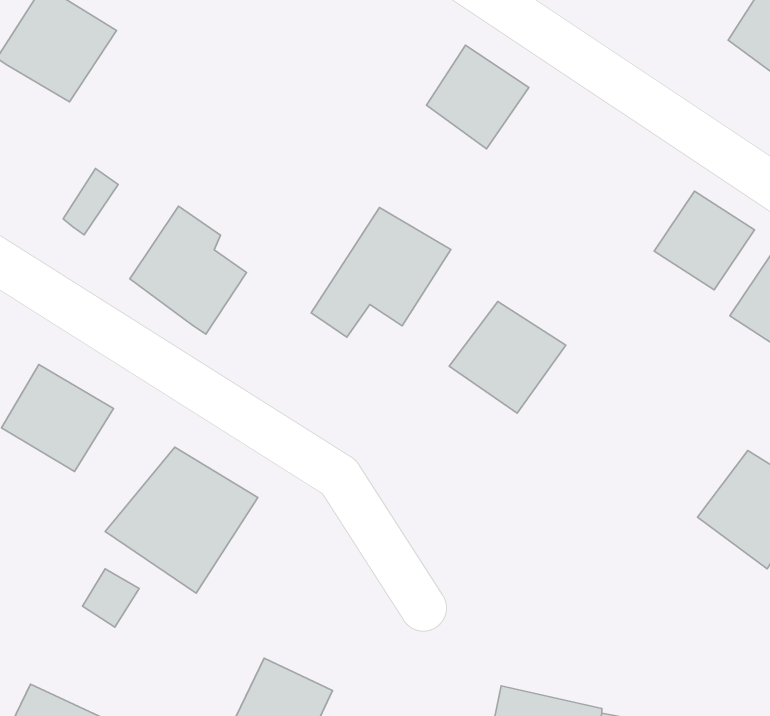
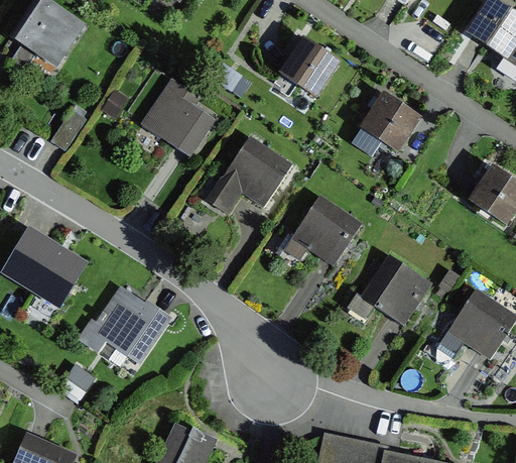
building: [654,191,755,290] -> [358,94,420,155]
building: [130,206,247,334] -> [142,80,215,159]
building: none -> [360,254,434,327]

